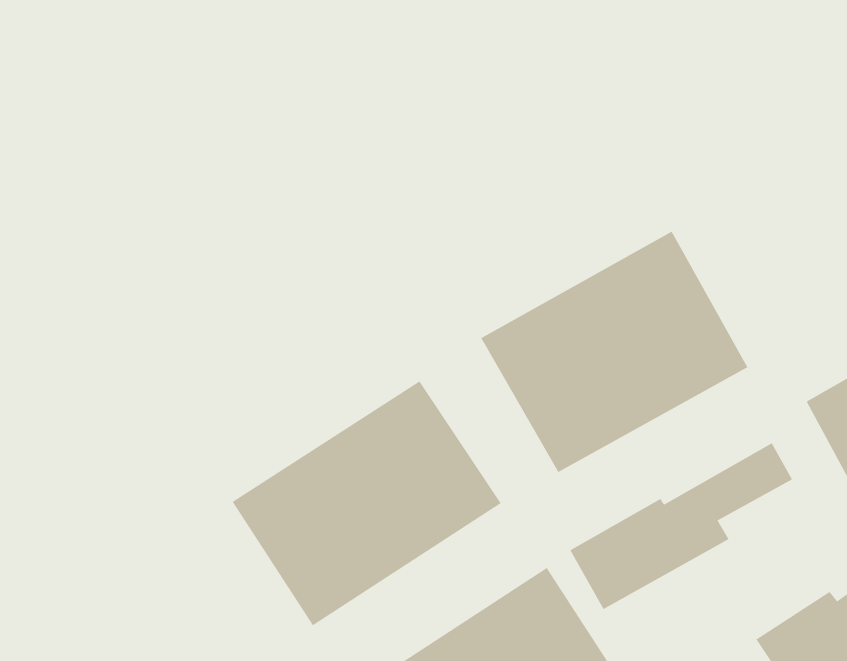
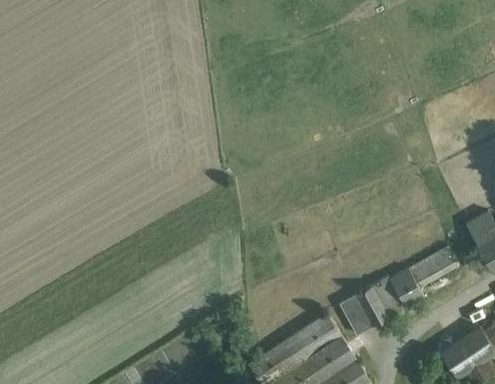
building: [481,231,748,473] -> none
building: [232,381,502,626] -> none

